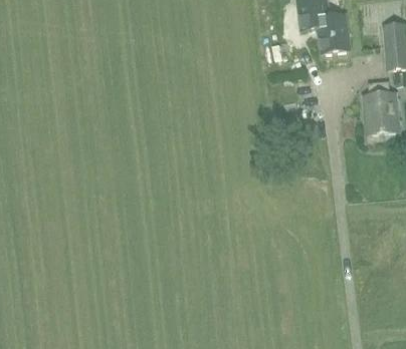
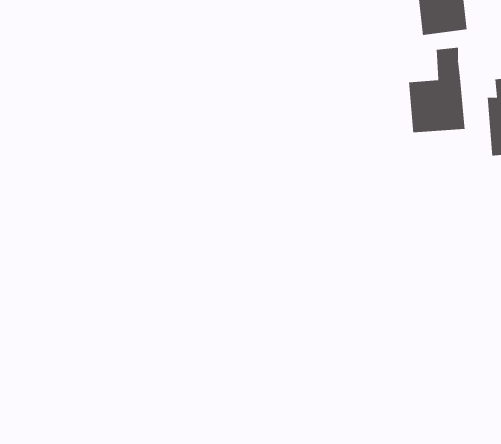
building: none -> [408,47,465,133]

